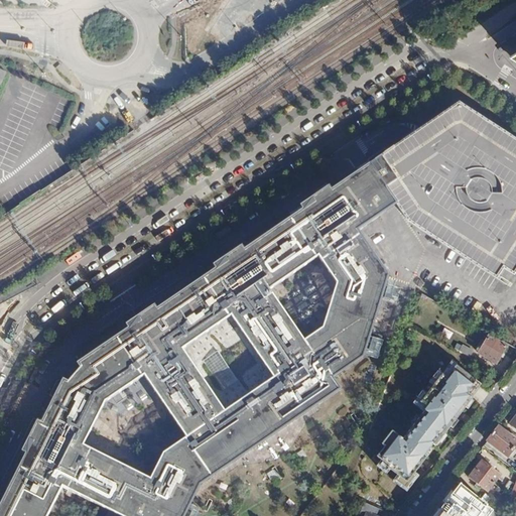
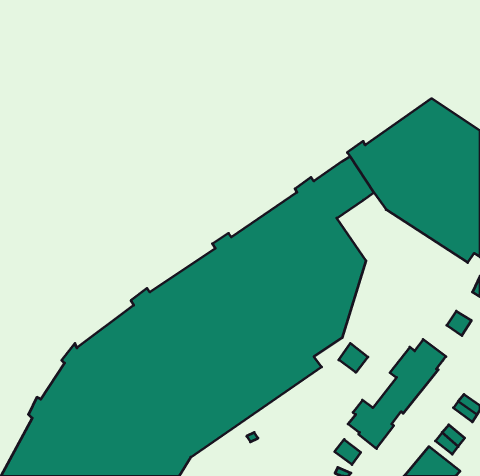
building: none -> [339,343,368,372]
building: none -> [335,439,361,465]

